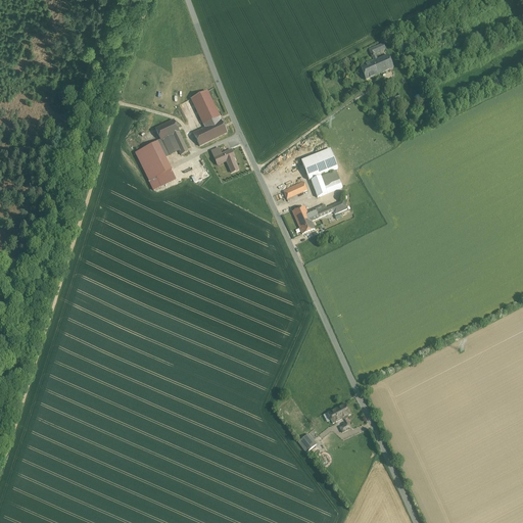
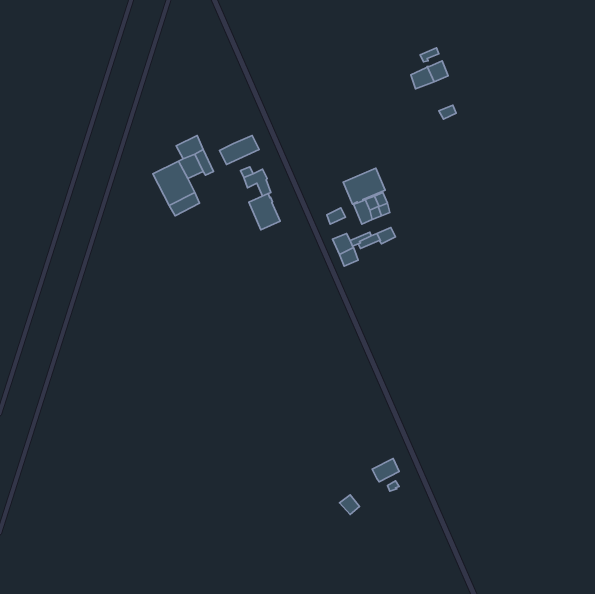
building: [190,89,221,126] -> none
building: none -> [249,194,280,230]

